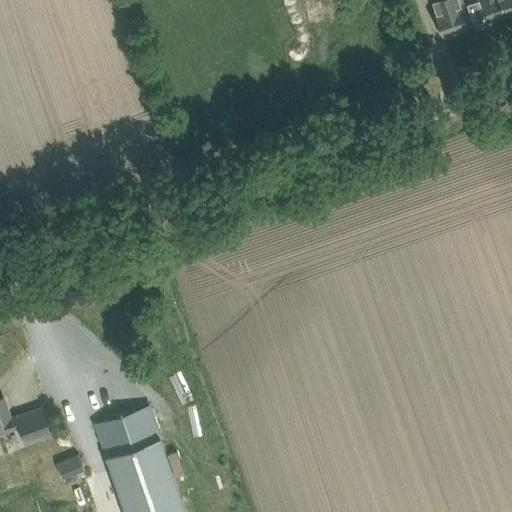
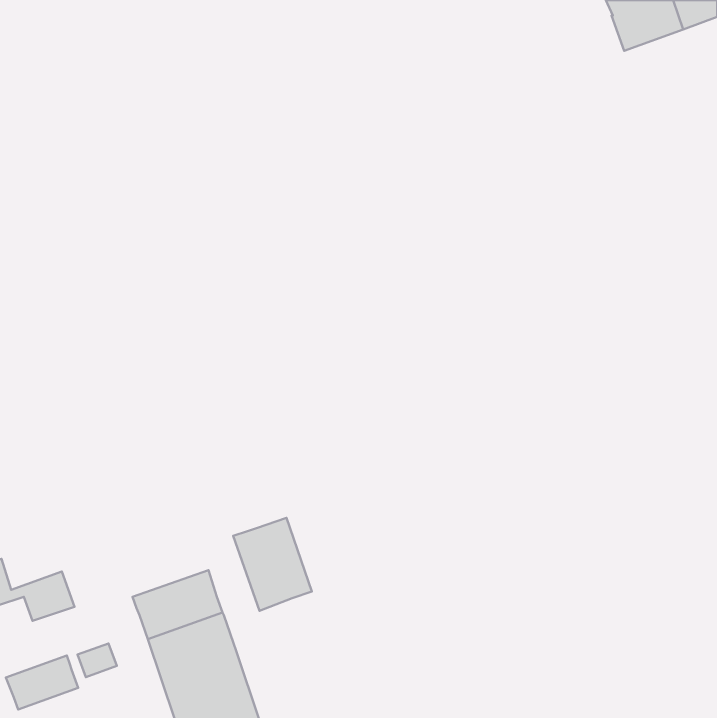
building: none -> [233,518,312,611]
building: none -> [6,655,78,709]

